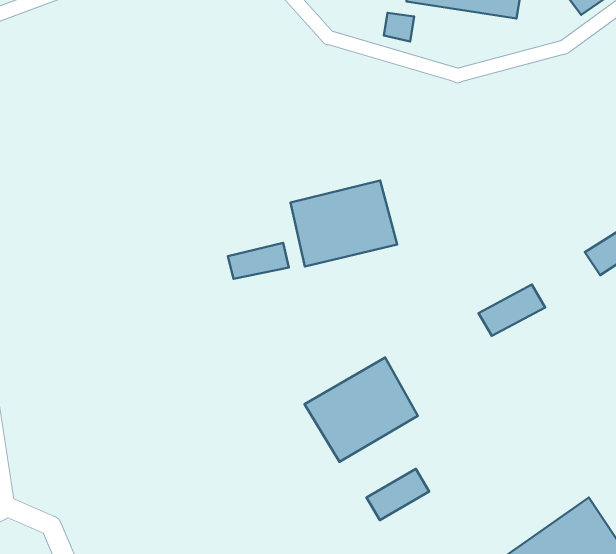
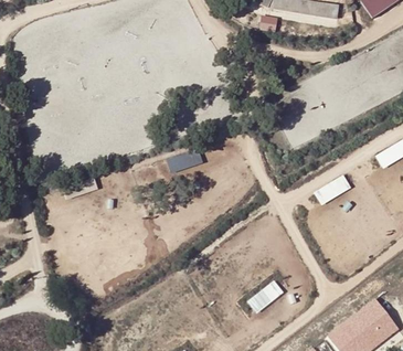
building: [290,180,397,267] -> none
building: [304,358,418,462] -> none

